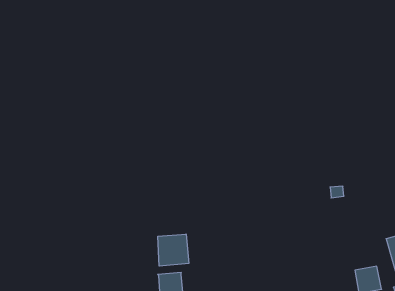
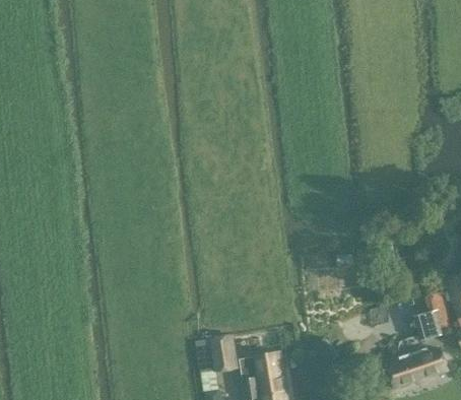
building: [158,234,189,266] -> none

